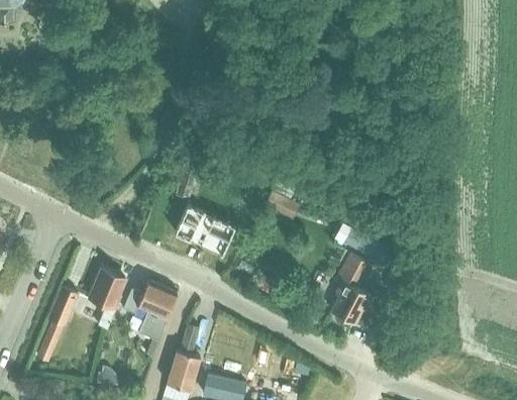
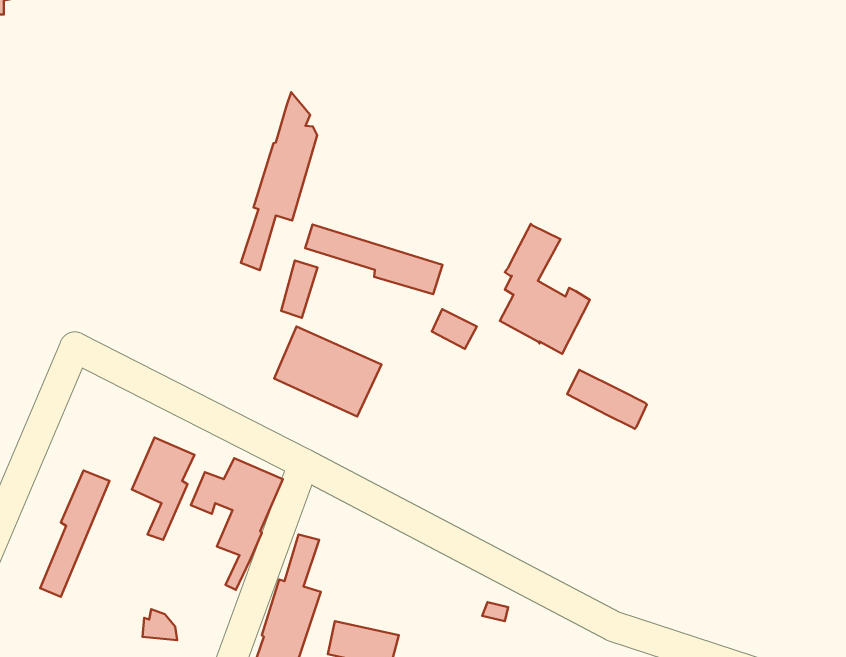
building: none -> [241,92,317,270]
building: none -> [305,225,443,294]
building: [332,254,385,329] -> [500,224,590,354]

